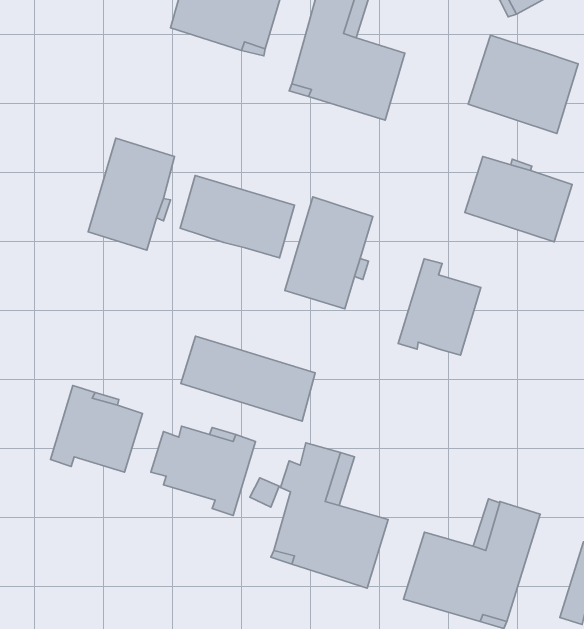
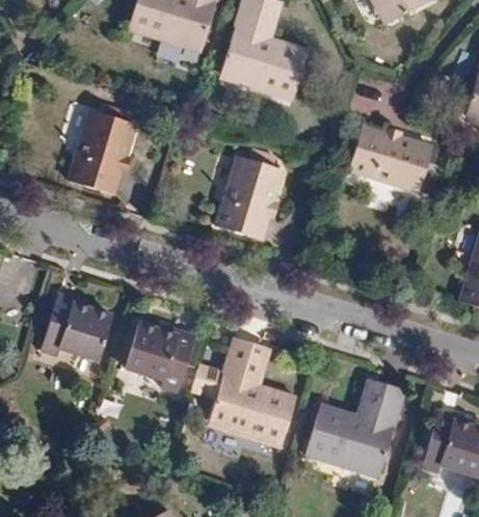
building: [468,35,578,133] -> none
building: [180,175,294,258] -> none
building: [398,259,481,355] -> none
building: [181,336,315,421] -> none

